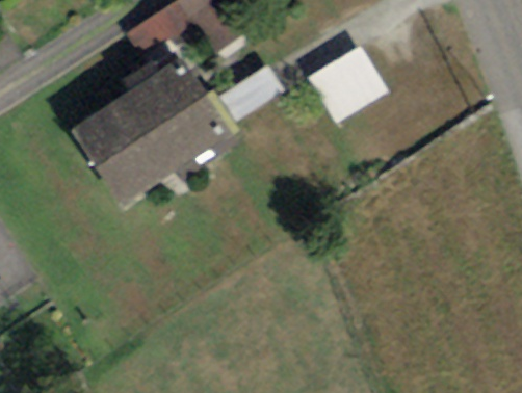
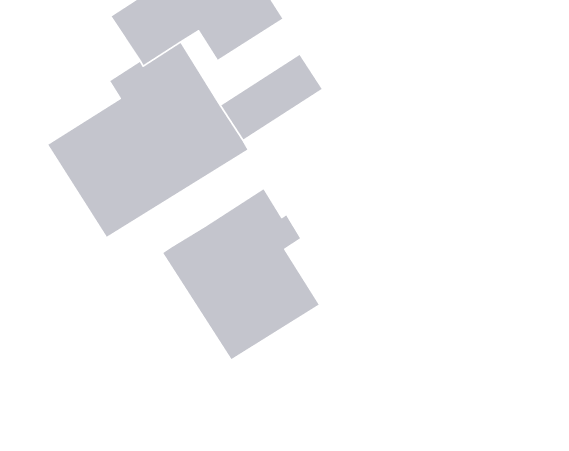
building: [306,46,389,126] -> none
building: none -> [162,188,320,360]

